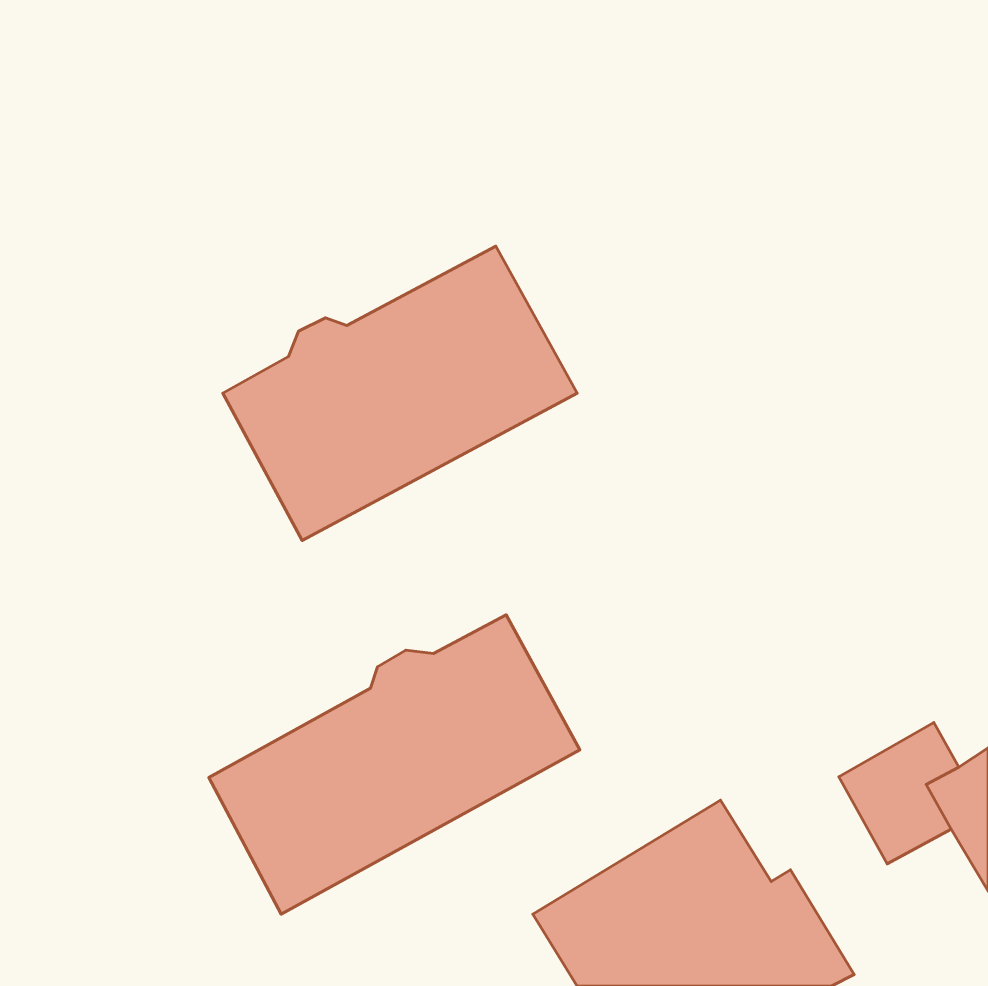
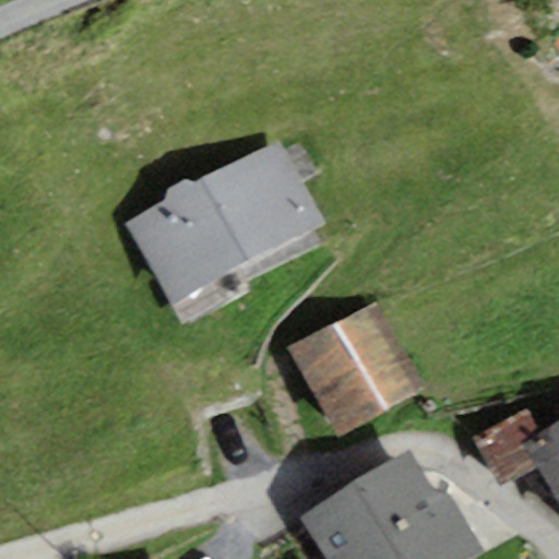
building: none -> [288,300,421,433]
building: [209,615,580,914] -> none

